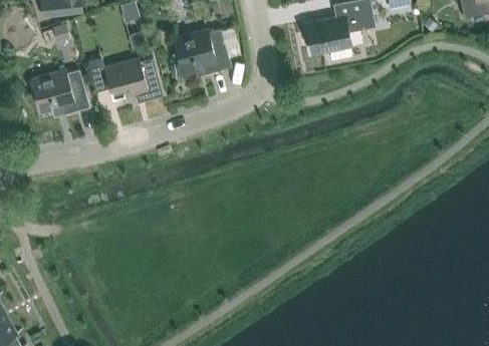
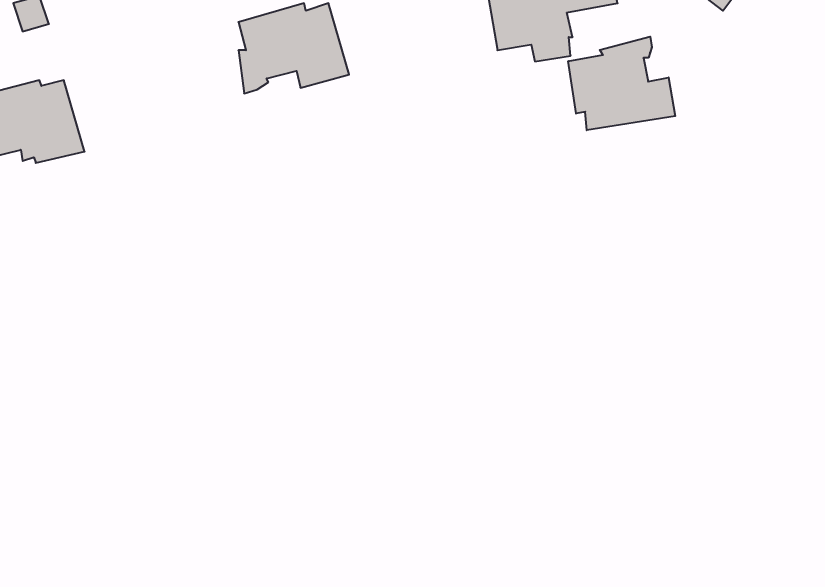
building: none -> [568,37,675,130]
building: [87,57,164,102] -> none

